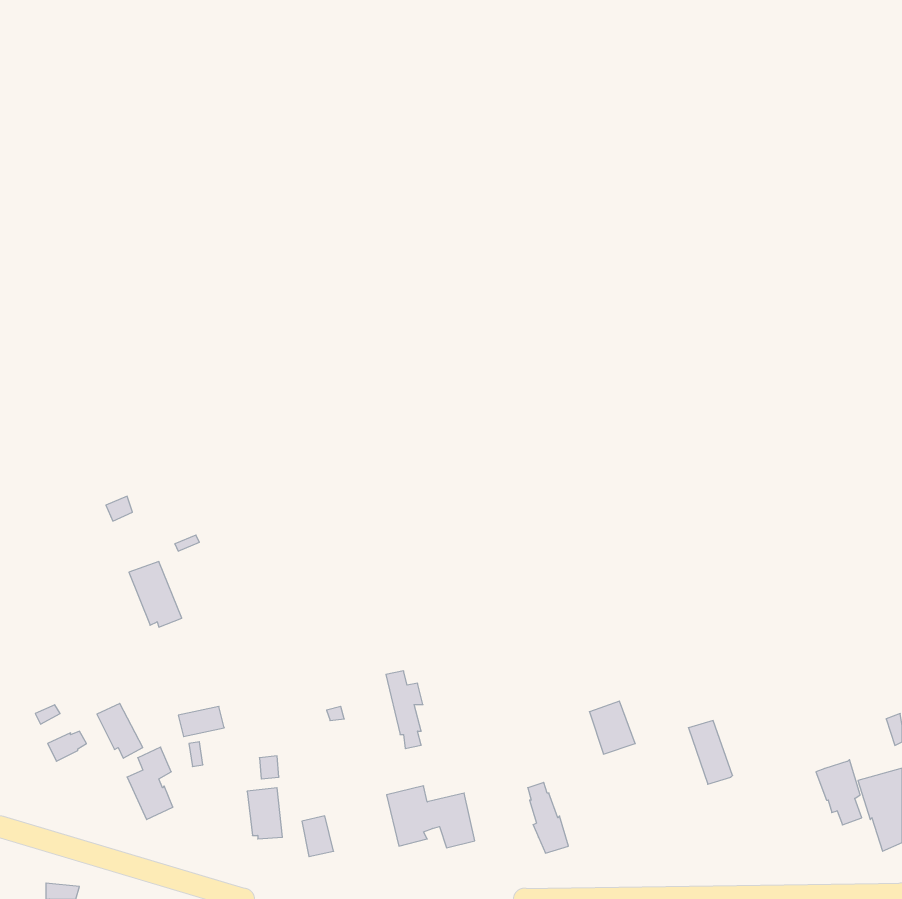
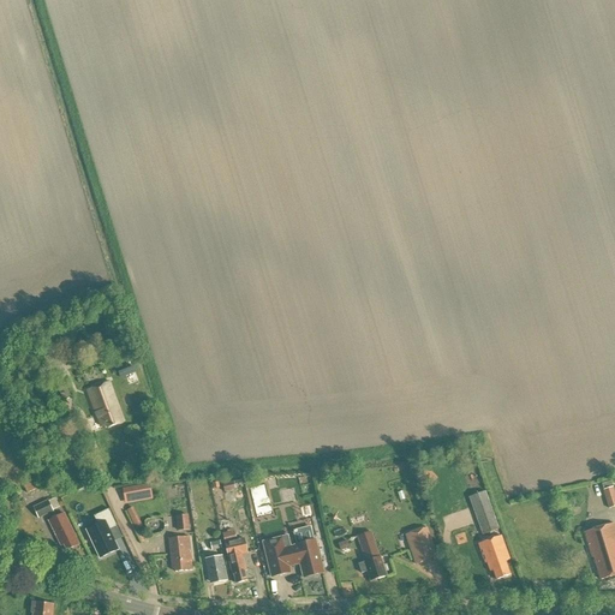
building: [386,671,423,749] -> [222,530,247,583]
building: [589,701,635,754] -> [406,526,437,562]
building: [97,703,143,758] -> [48,513,79,550]
building: [816,760,862,825] -> [478,535,509,579]

